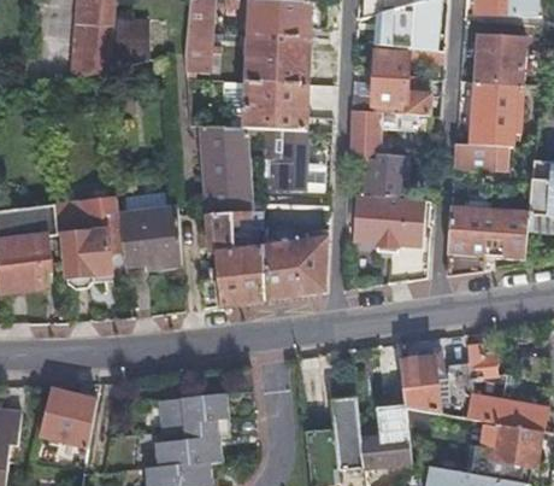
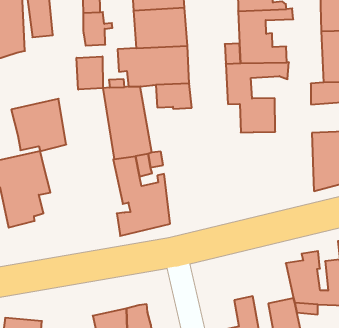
building: none -> [77,56,103,90]
building: [272,158,325,189] -> none
building: [352,194,429,252] -> none
building: [118,205,181,267] -> [11,99,66,151]
building: [264,224,329,298] -> none

